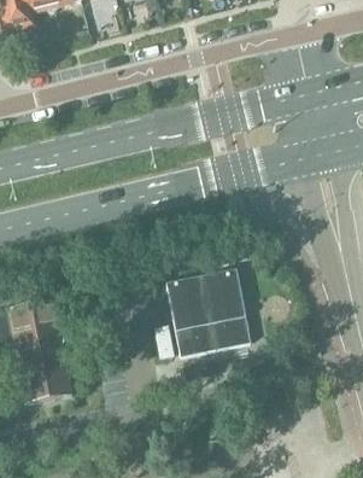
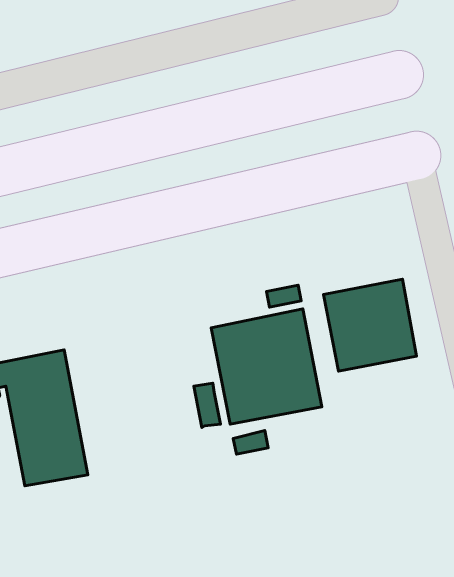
building: none -> [323,279,417,371]

